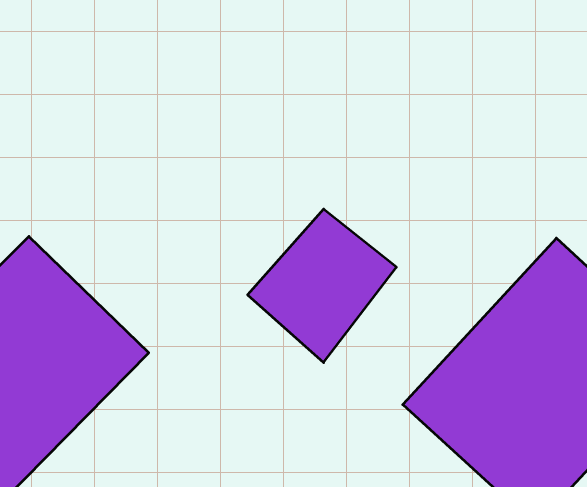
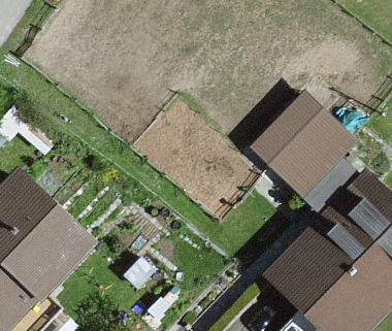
building: [248,209,396,363] -> [256,103,351,201]

